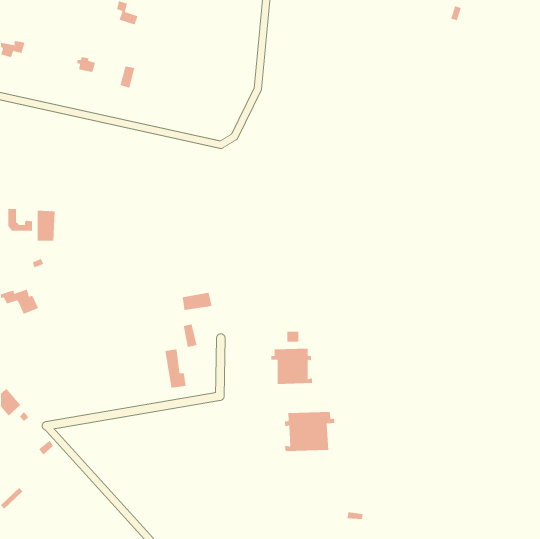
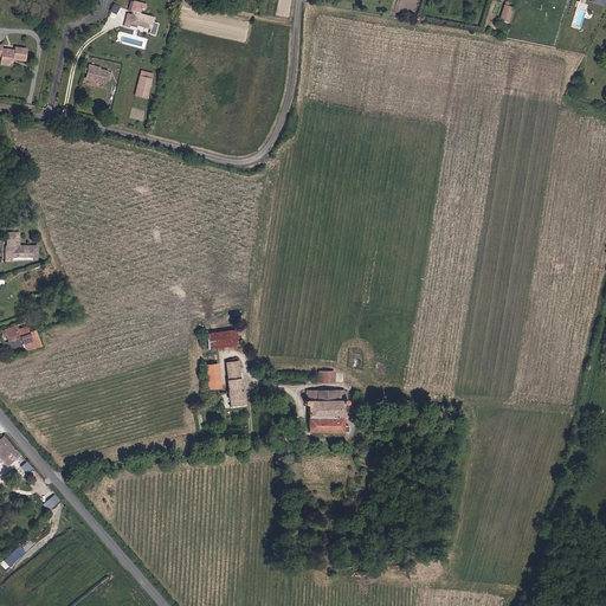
building: [37,210,55,241] -> none
building: [164,348,187,389] -> [224,363,249,408]
building: [284,411,335,452] -> none

